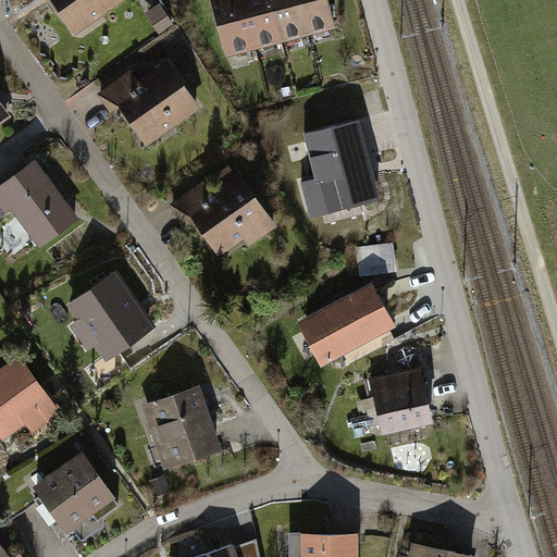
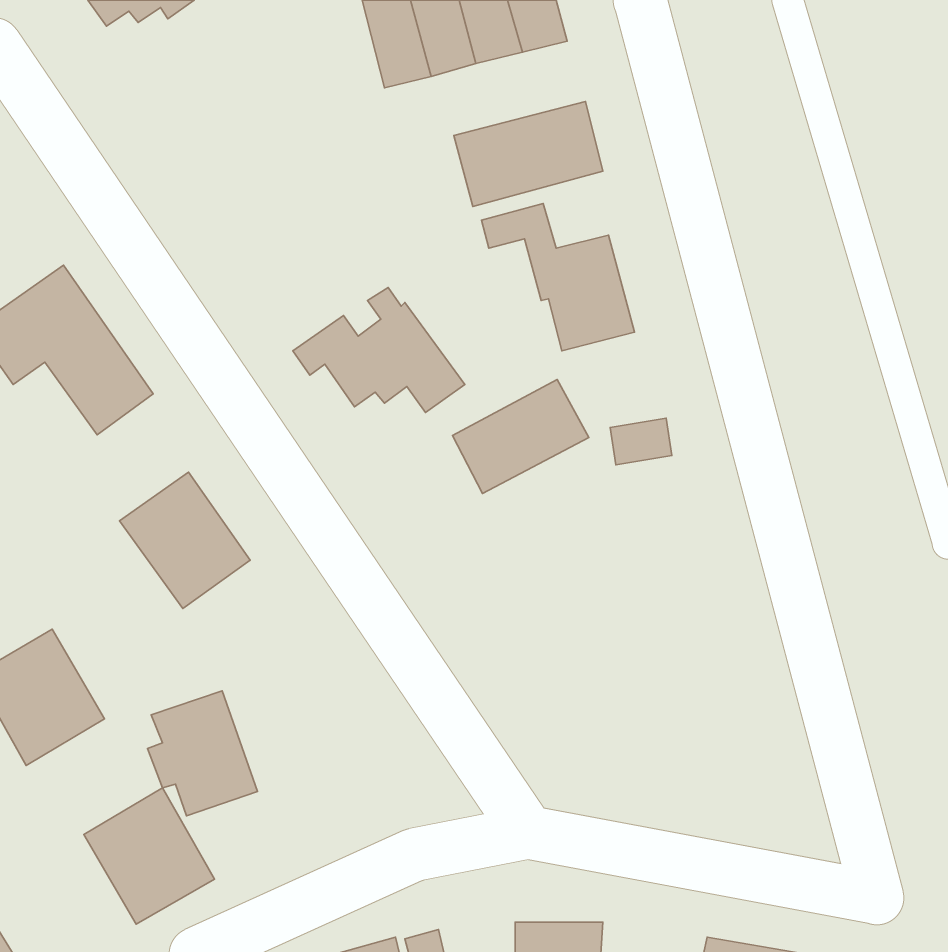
building: none -> [454,101,603,206]
building: [98,66,194,127] -> none
building: [305,290,384,357] -> [453,380,589,493]
building: [368,368,429,431] -> none
building: [149,389,213,462] -> [147,691,258,816]

